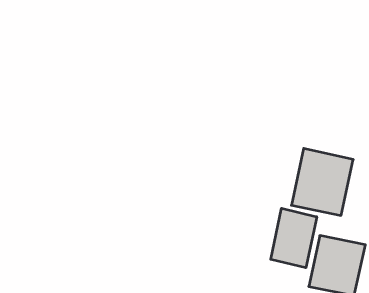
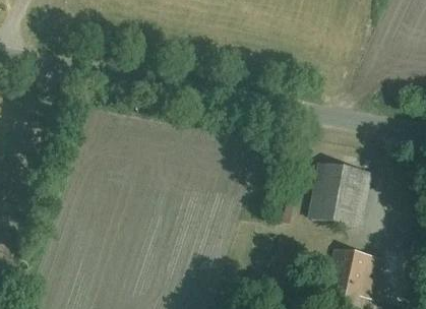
building: [271,208,317,268] -> none

